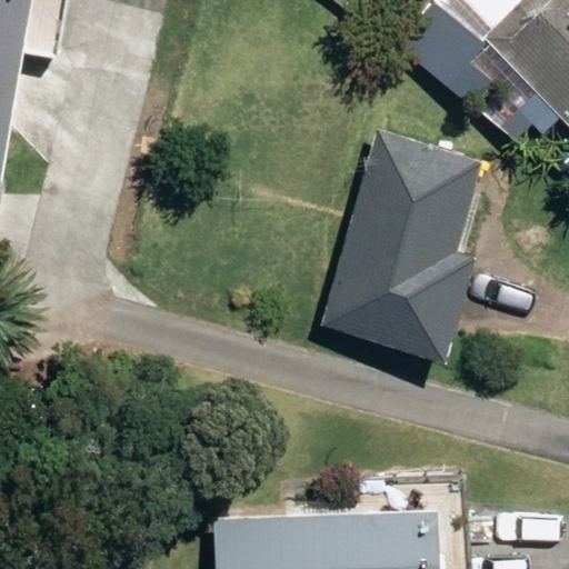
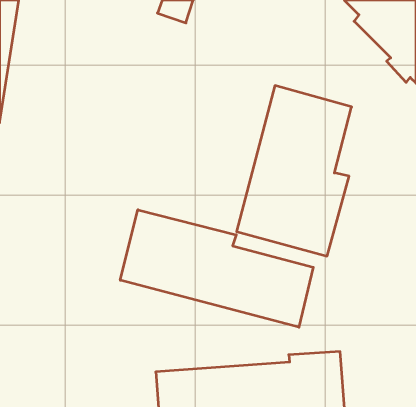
building: none -> [120,210,313,327]

